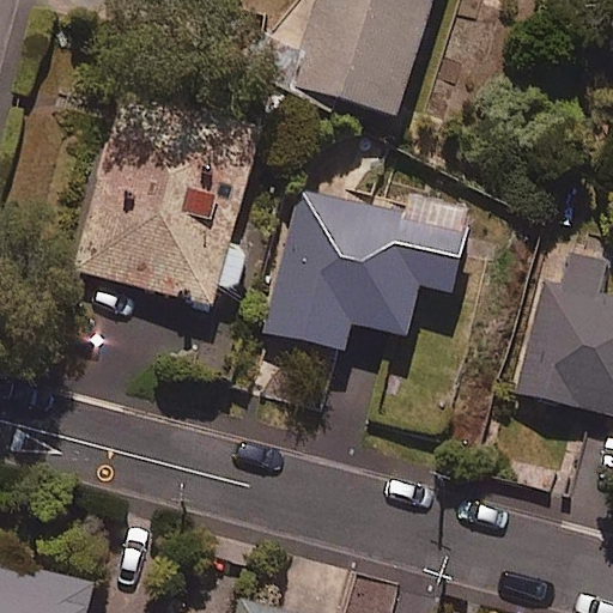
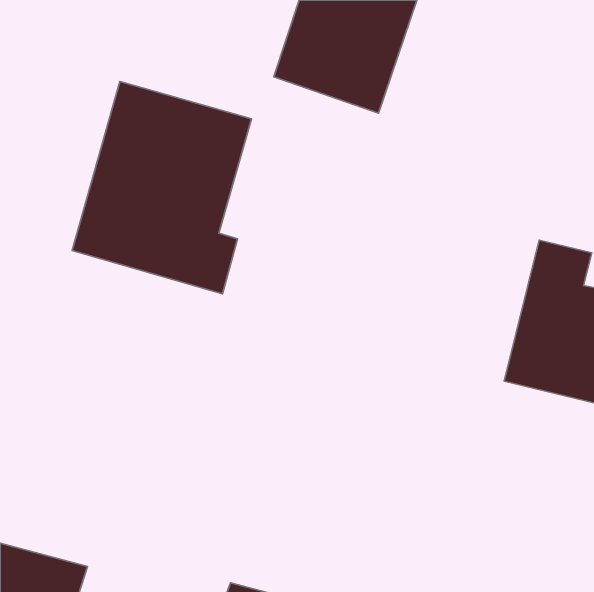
building: [263,188,472,350] -> none

